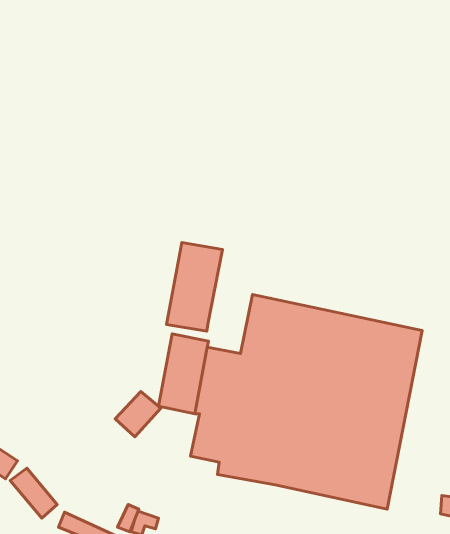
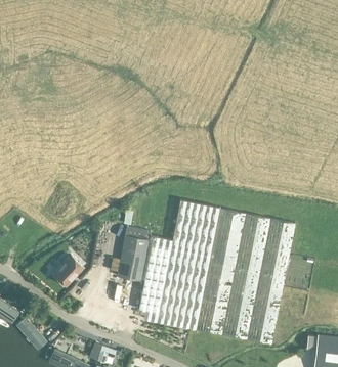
building: [166,243,222,331] -> none
building: [115,391,161,437] -> [52,257,83,287]

